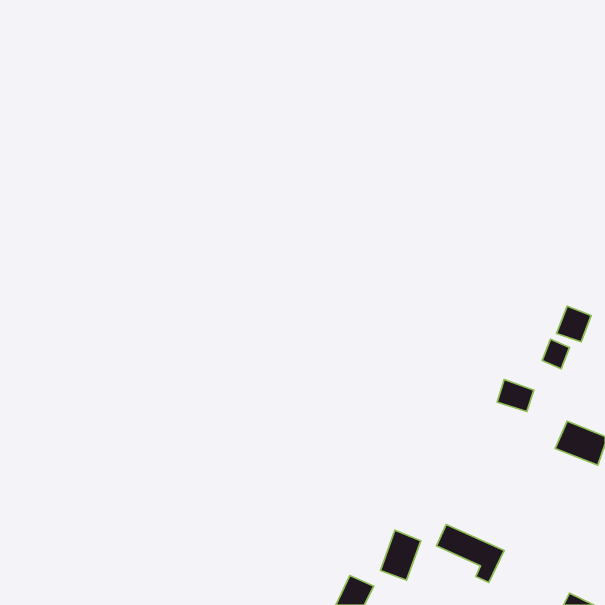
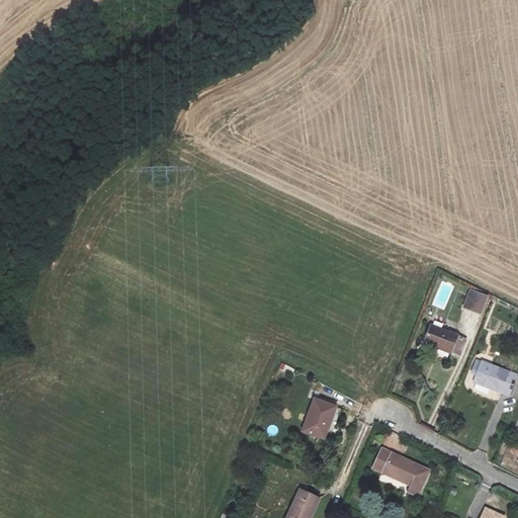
building: [556,306,591,342] -> none
building: [380,530,421,580] -> [301,397,336,439]

